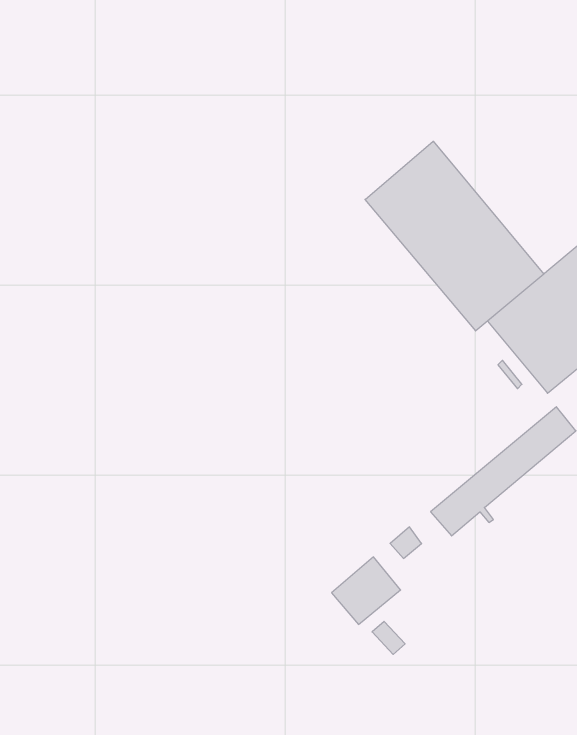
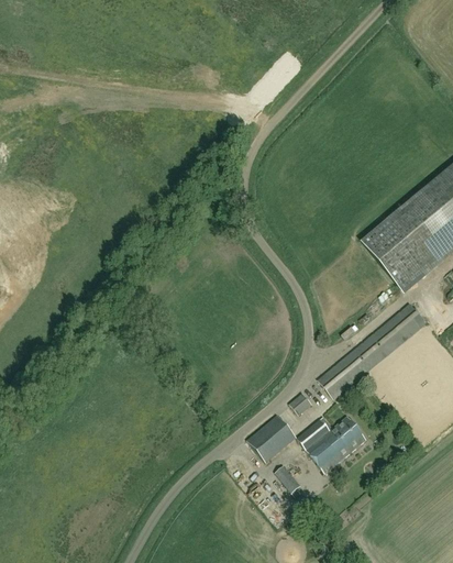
building: [365,141,544,331] -> none
building: none -> [298,415,367,472]

